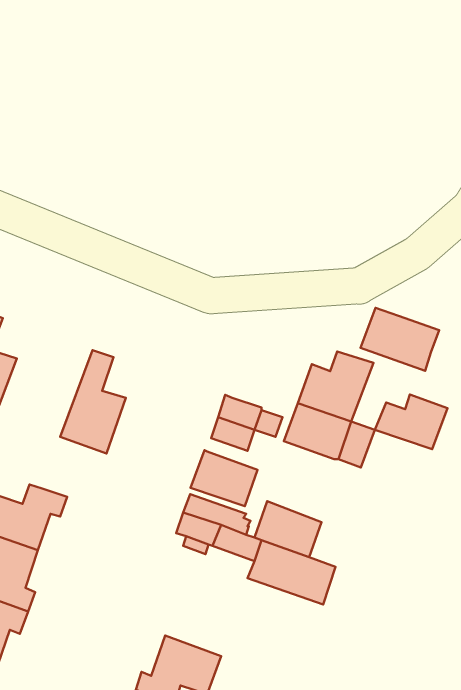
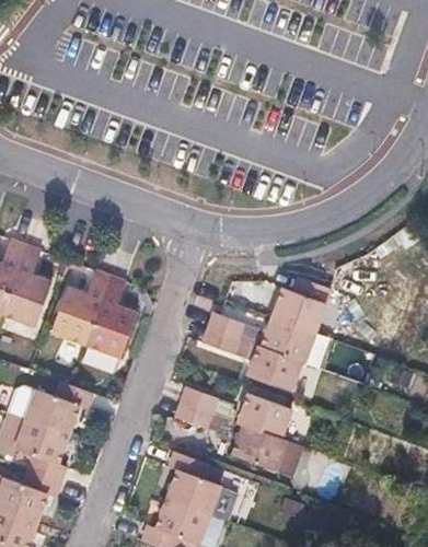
building: [361,308,439,371] -> none
building: none -> [51,270,111,344]
building: [375,395,448,449] -> none
building: [190,450,257,506] -> [247,346,300,389]
building: none -> [167,452,221,515]

